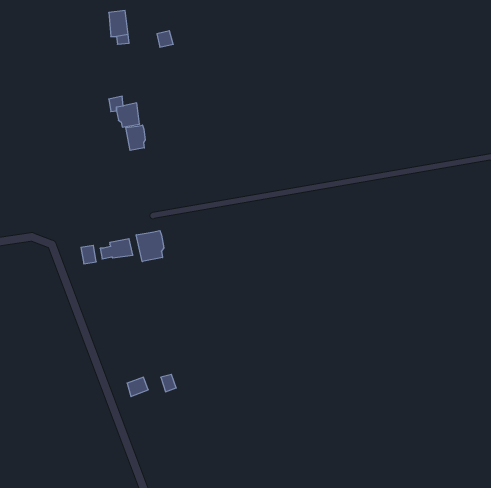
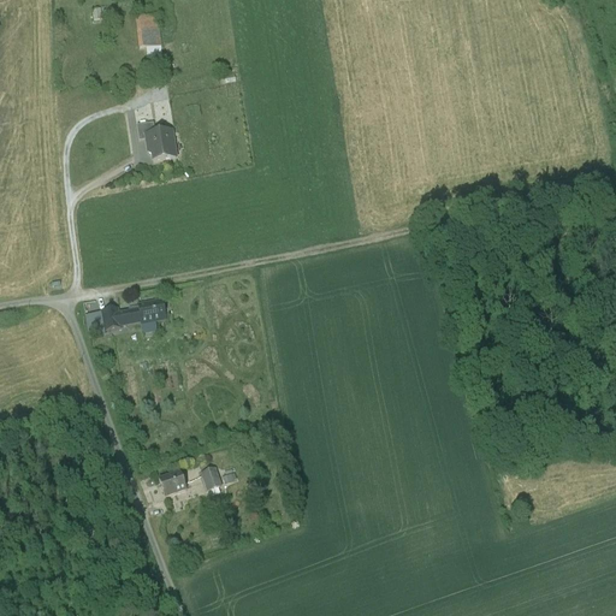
building: [126,125,145,150] -> none
building: [136,231,164,262] -> none

